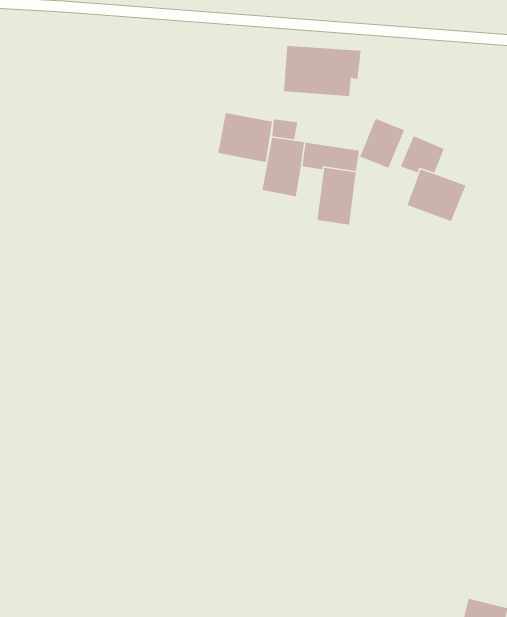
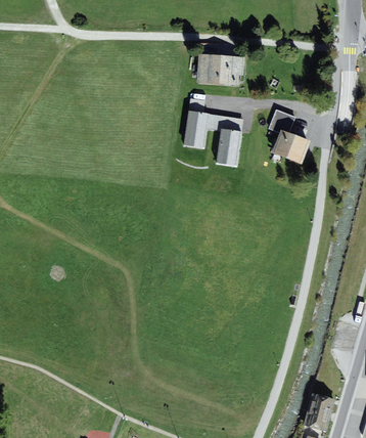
building: [217,112,273,163] -> none
building: [359,118,405,169] -> none

